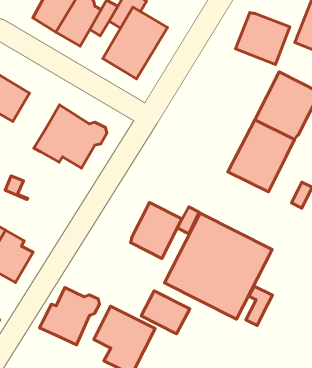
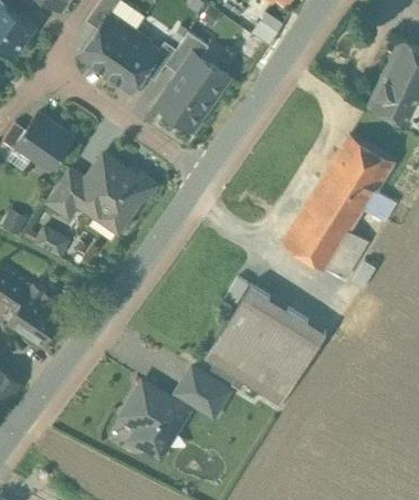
building: [236,13,290,64] -> none
building: none -> [46,169,86,218]
building: none -> [327,232,367,279]
building: [130,203,182,258] -> none
building: [246,286,272,325] -> none
building: [40,287,100,345] -> none

